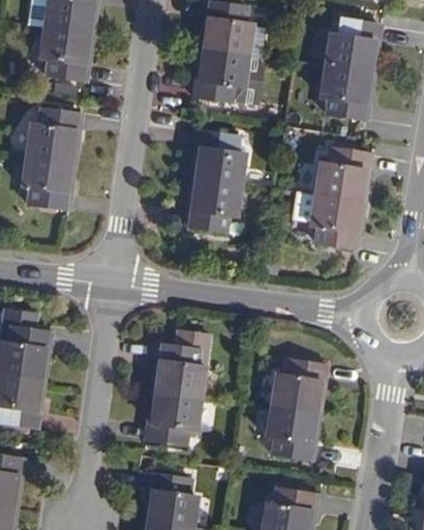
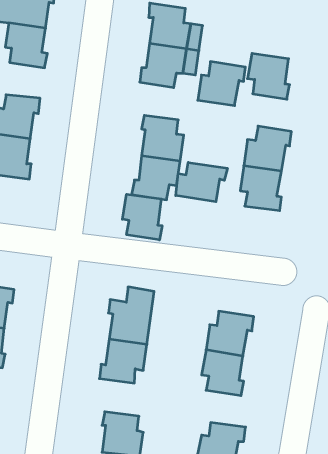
building: [324,21,378,71] -> [198,62,245,106]
building: none -> [176,162,227,202]
building: none -> [122,194,162,240]

